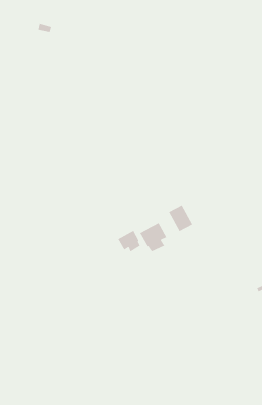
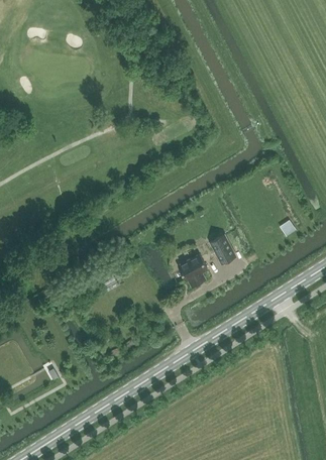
building: [117,230,140,252] -> none

